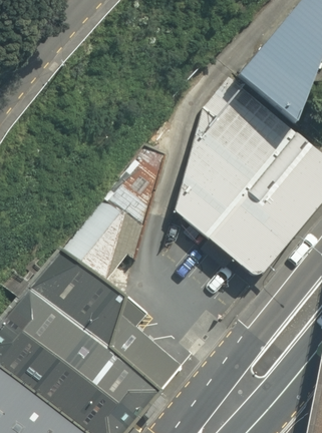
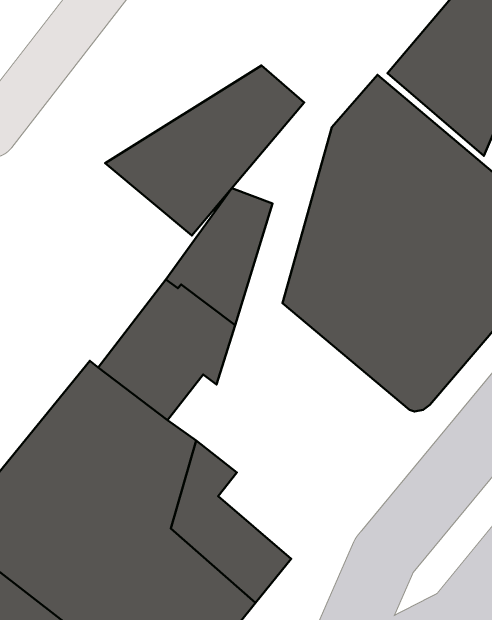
building: none -> [105,65,304,236]

